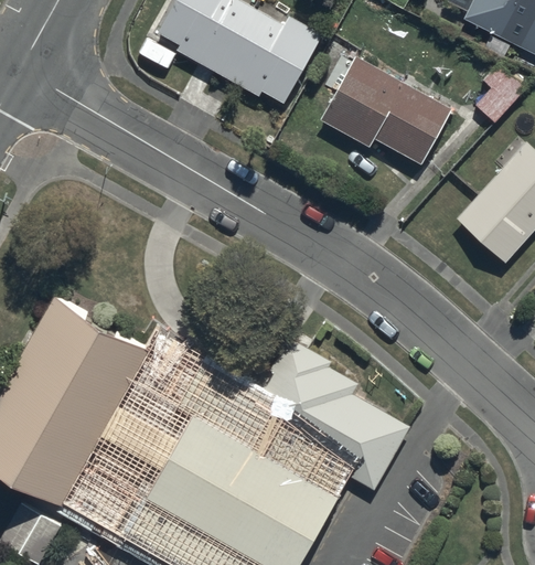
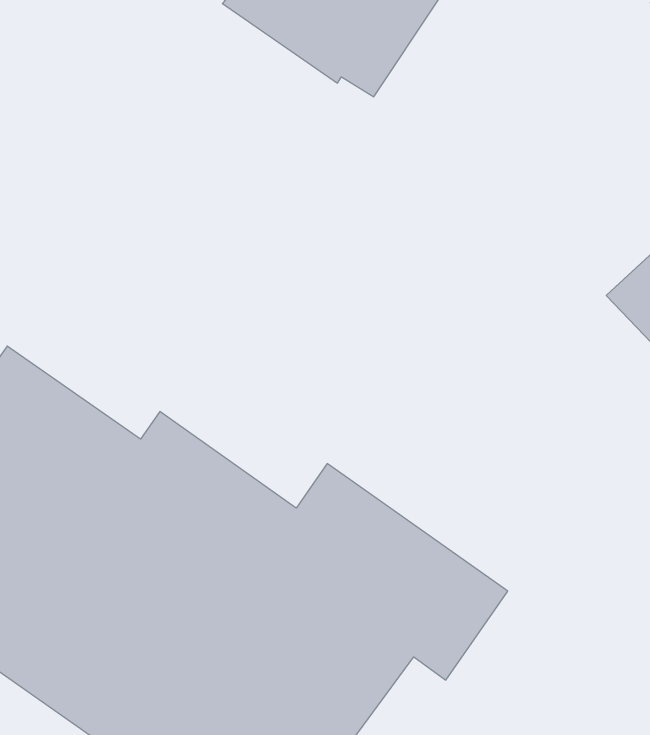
building: [319,56,452,168] -> none

